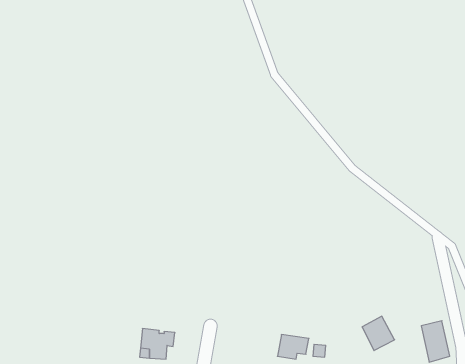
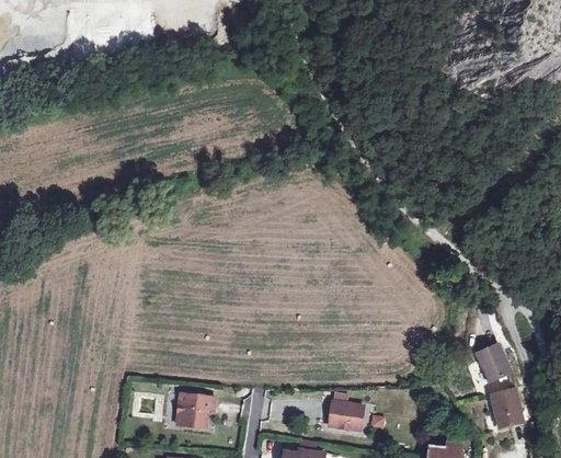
building: [362,316,395,351] -> [472,346,508,385]

